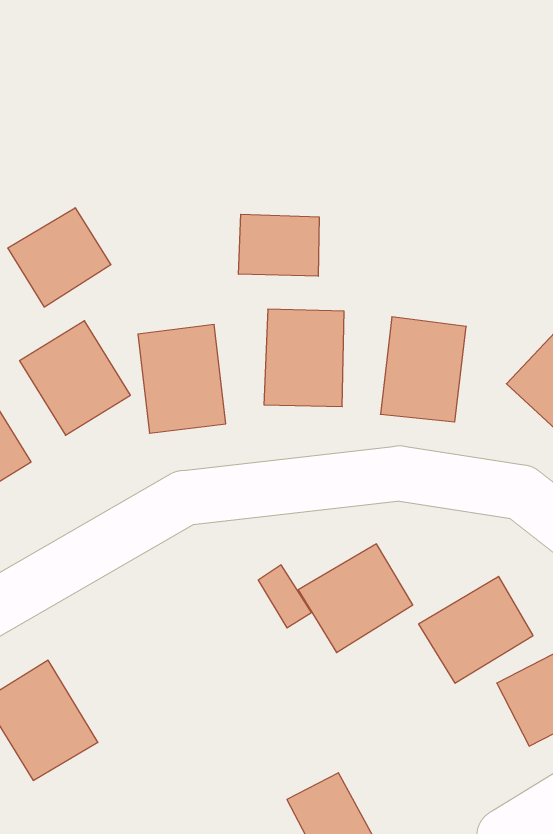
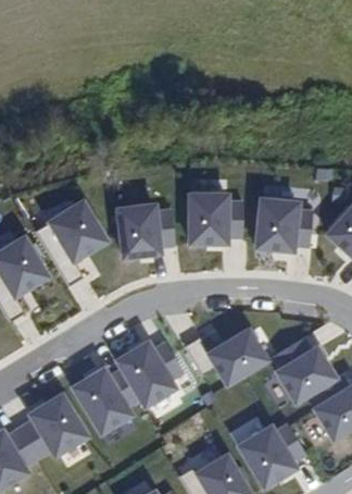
building: [8,208,111,307] -> none
building: [239,214,319,276] -> none
building: none -> [113,336,180,409]
building: none -> [71,366,137,437]
building: none -> [243,425,296,484]

